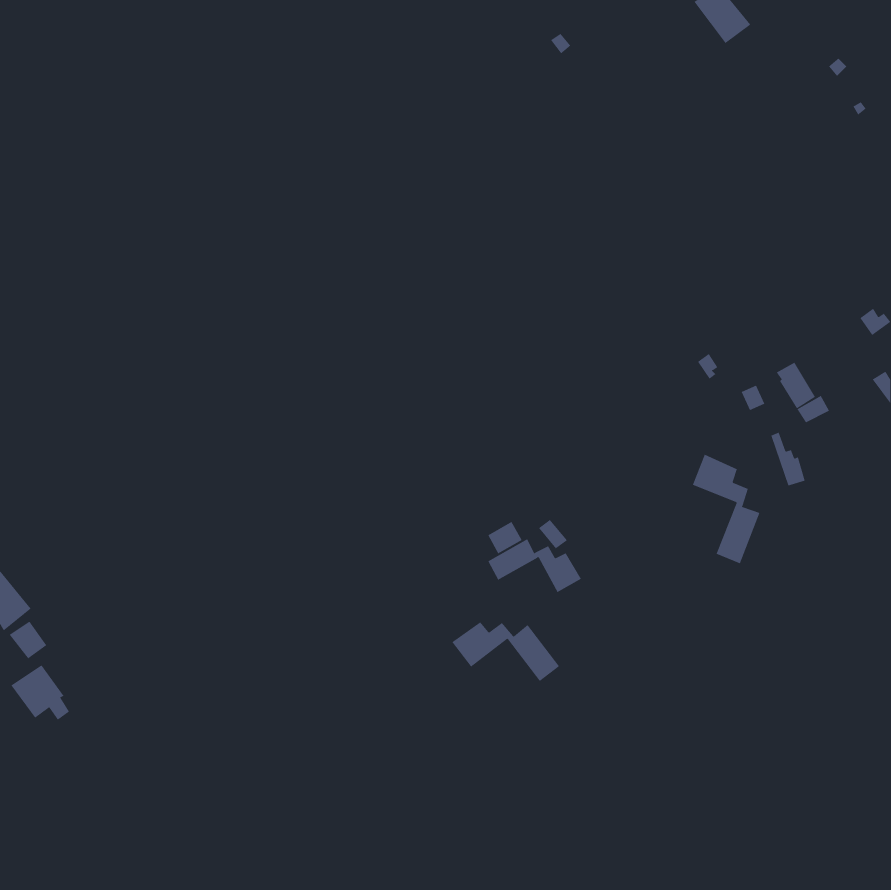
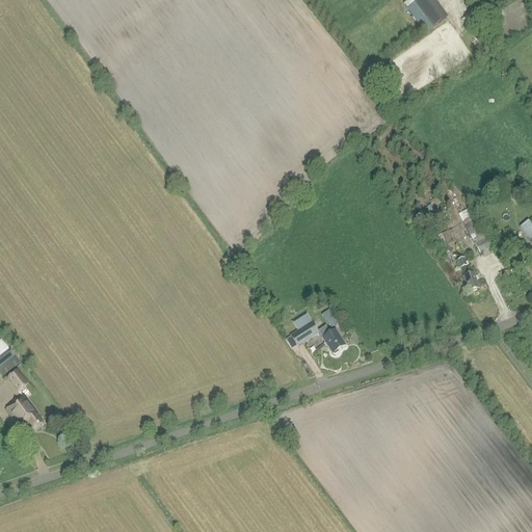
building: [692,454,760,564] -> none
building: [452,621,560,682] -> none

